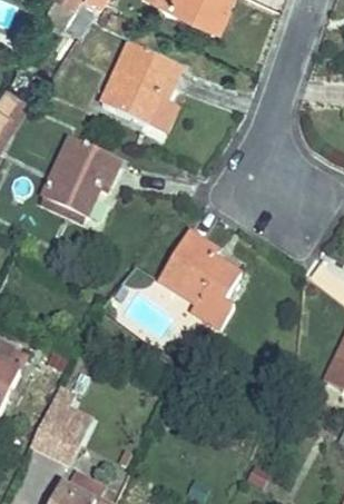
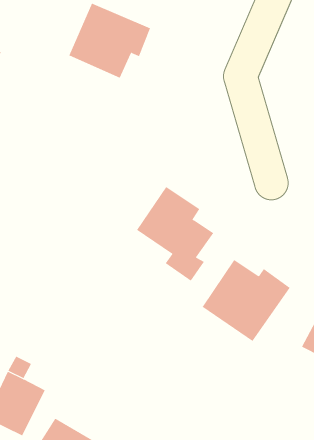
building: [43,147,121,216] -> none
building: none -> [202,259,291,342]

